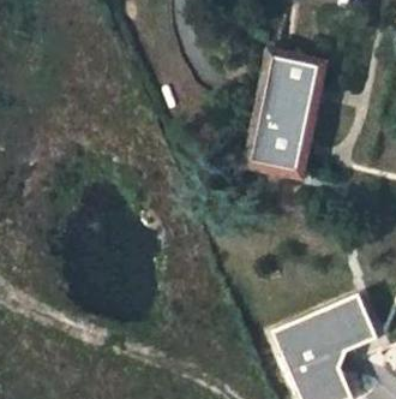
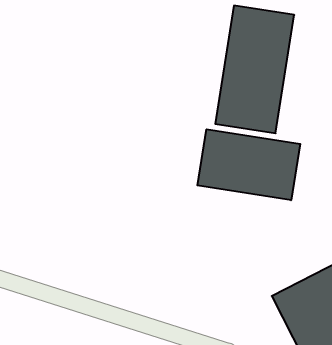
building: none -> [197,129,300,200]

